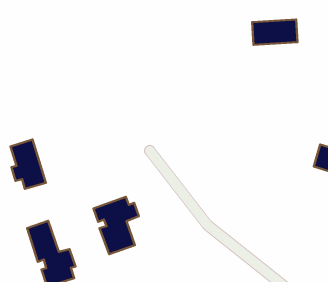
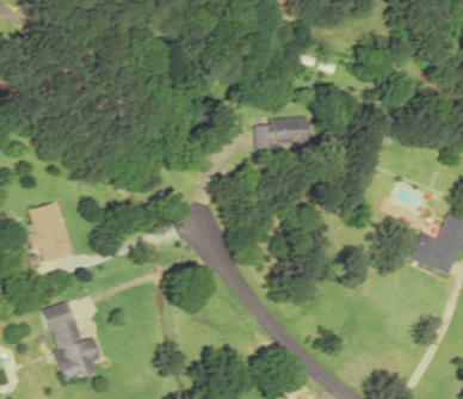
building: [252,20,297,45] -> [252,118,305,146]
building: [93,197,139,254] -> none

